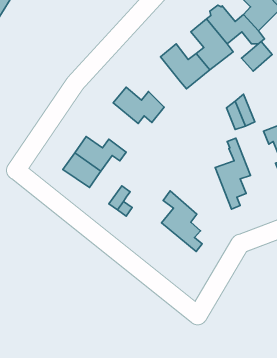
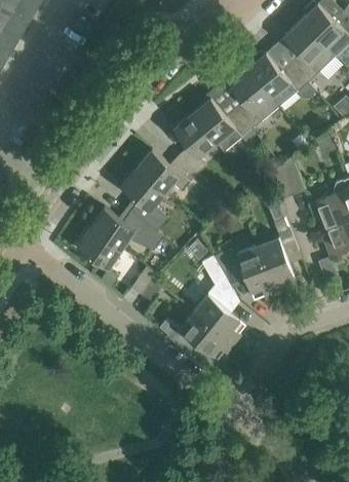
building: [241,42,272,71] -> none
building: none -> [173,112,217,172]
building: none -> [121,166,168,229]
building: none -> [215,244,277,298]
building: none -> [160,309,235,354]

